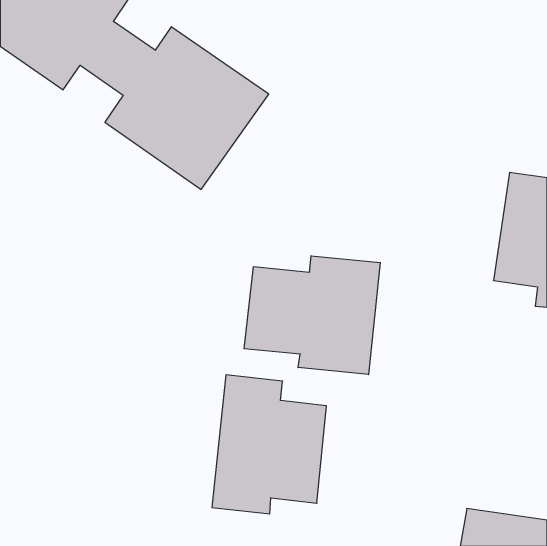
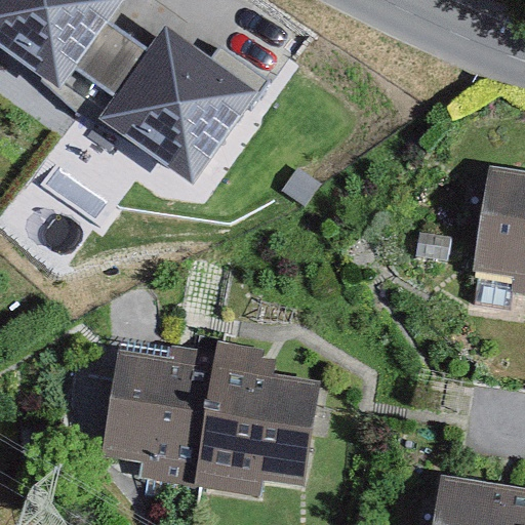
building: [244,256,380,375] -> none
building: none -> [113,352,216,486]

